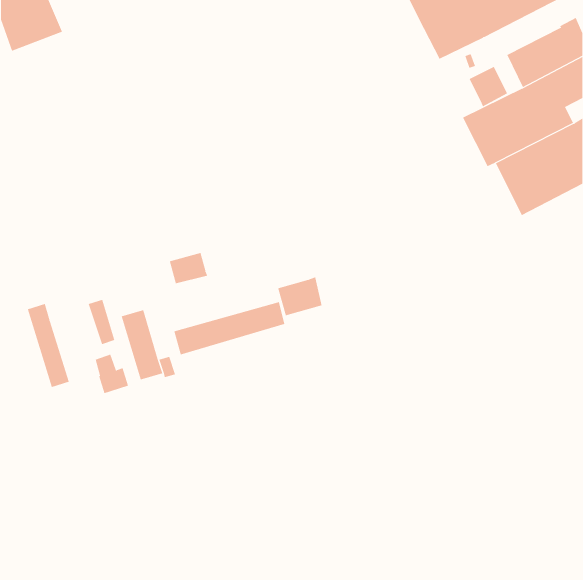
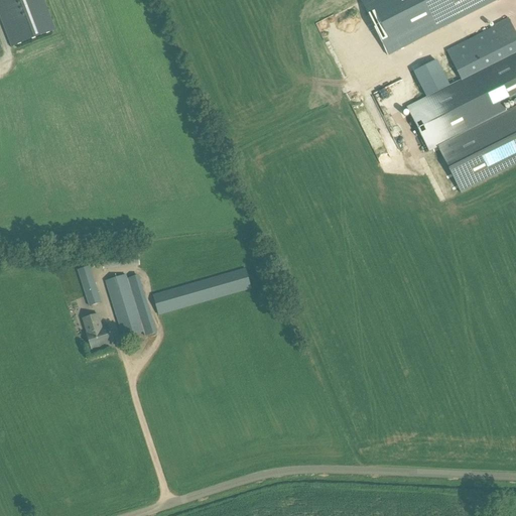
building: [169,252,208,284] -> none
building: [278,277,322,316] -> none
building: [27,303,69,388] -> none

